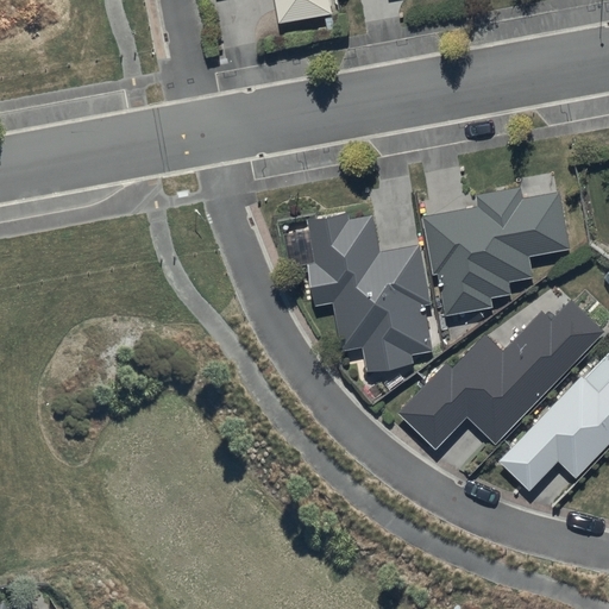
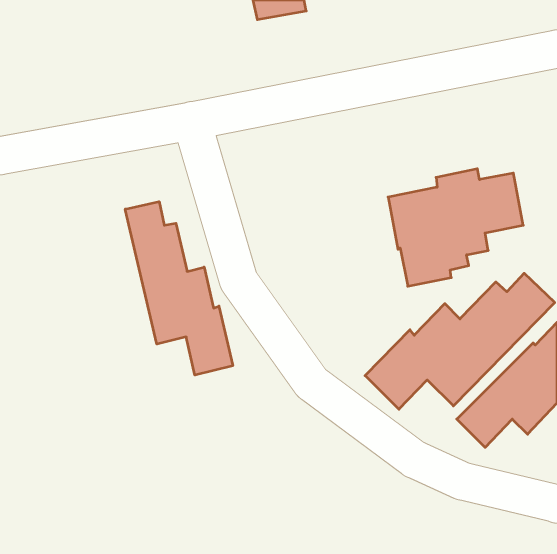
building: [307,212,433,373] -> none
building: none -> [125,202,233,375]

